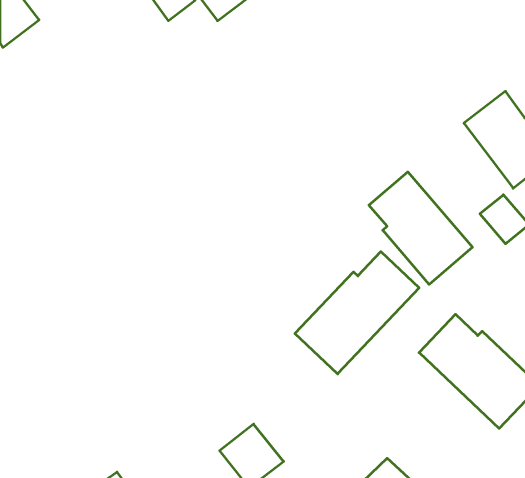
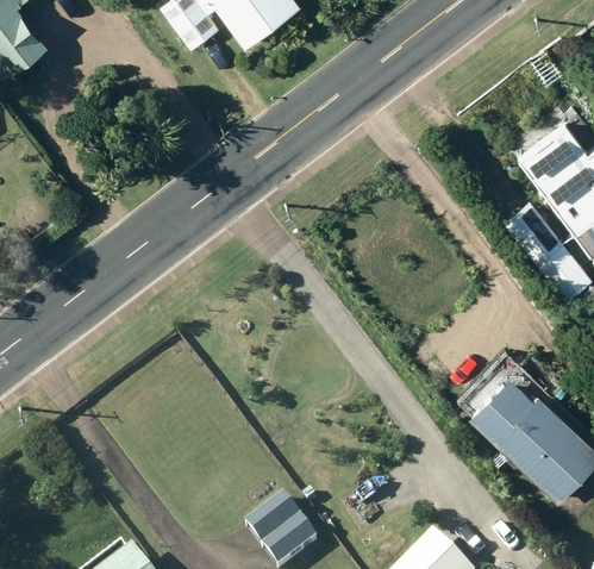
building: [369,172,472,284] -> none
building: [295,252,419,374] -> none

